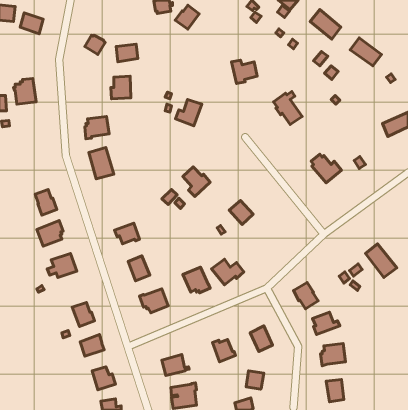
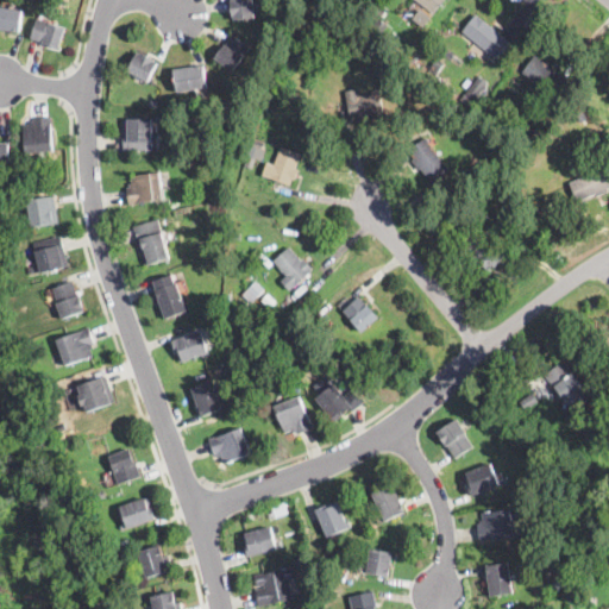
building: [175,5,199,29] -> [212,34,247,70]
building: [111,76,131,99] -> [121,118,151,151]
building: none -> [25,195,57,226]
building: none -> [31,234,68,274]
building: none -> [152,274,186,319]

